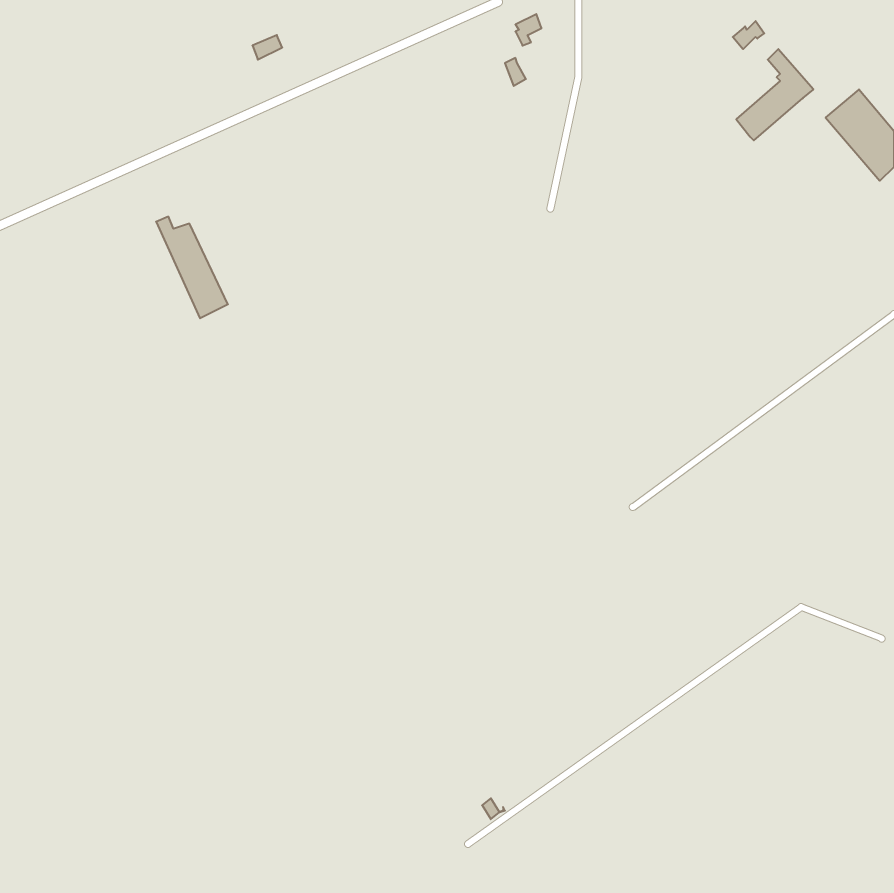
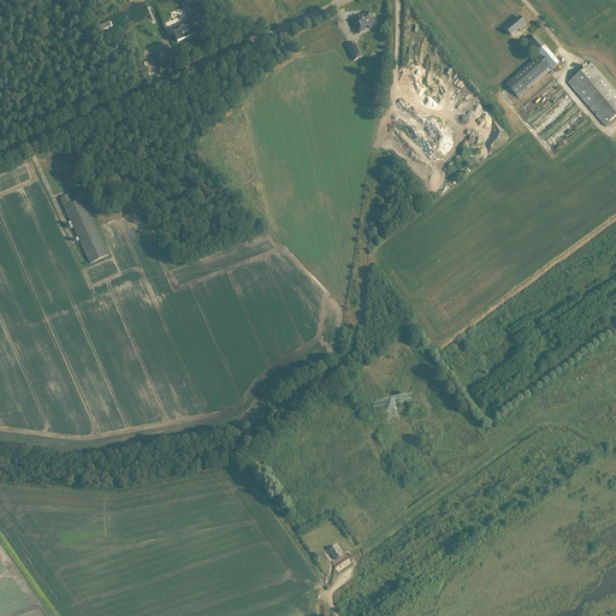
building: [156,217,228,318] -> [59,192,108,262]

